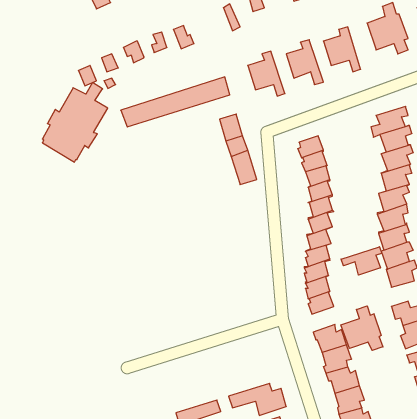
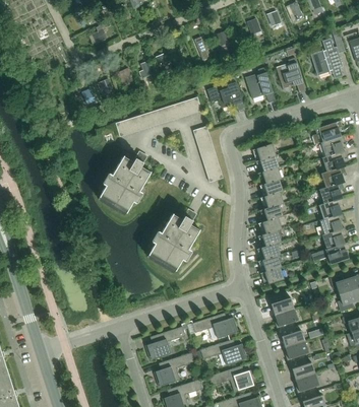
building: [42,83,108,162] -> [99,152,151,215]
building: none -> [147,210,199,273]
building: [341,247,382,275] -> none
building: [341,306,383,350] -> none
building: none -> [192,314,238,339]
building: none -> [144,327,185,360]

